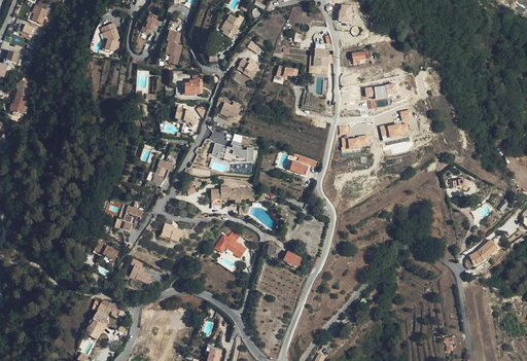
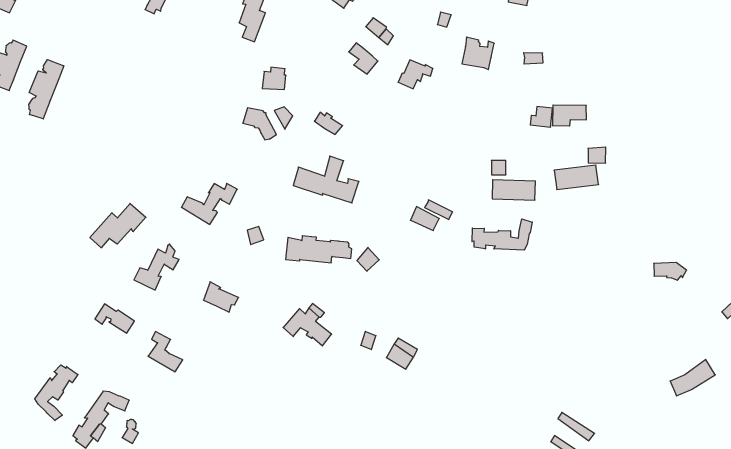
building: none -> [29,60,64,119]
building: none -> [472,219,532,250]
building: none -> [90,203,146,248]
building: none -> [35,365,78,421]

